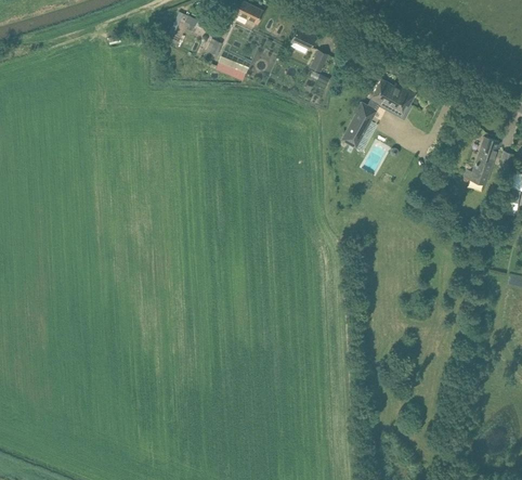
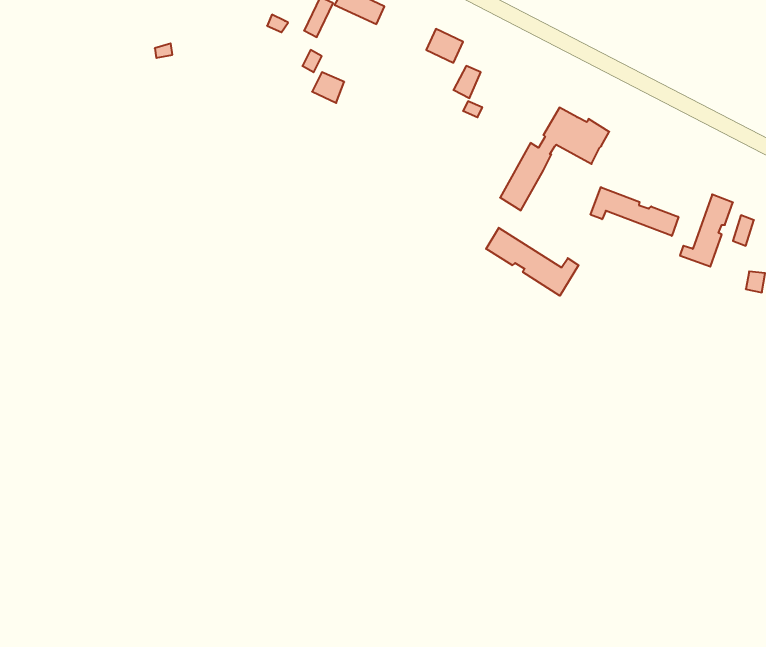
building: none -> [591,187,678,236]
building: none -> [486,228,579,296]

